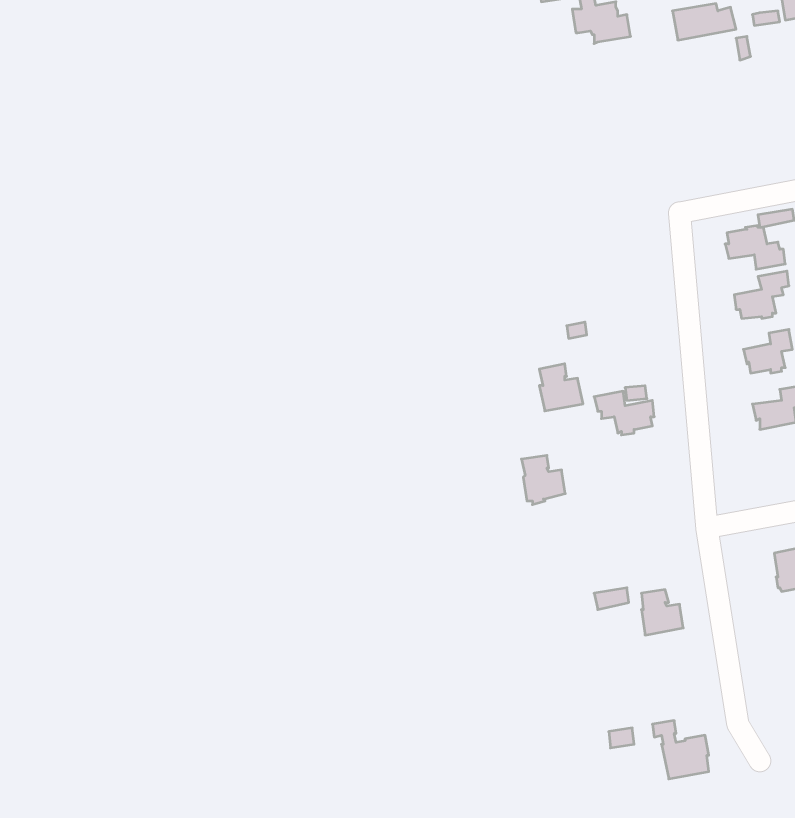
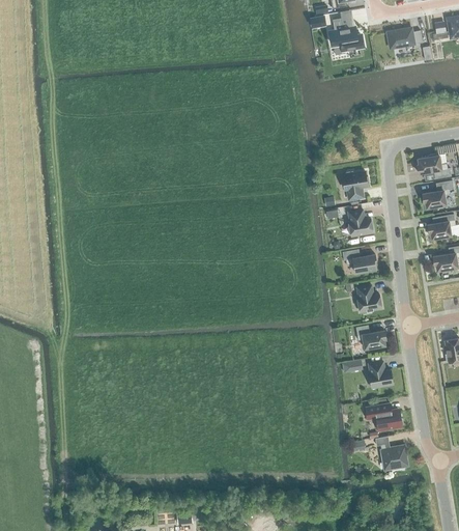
building: none -> [342,171,369,199]
building: [539,364,583,411] -> [348,209,373,236]
building: [521,455,565,505] -> [356,286,381,314]
building: none -> [355,326,385,351]
building: none -> [365,403,402,431]

